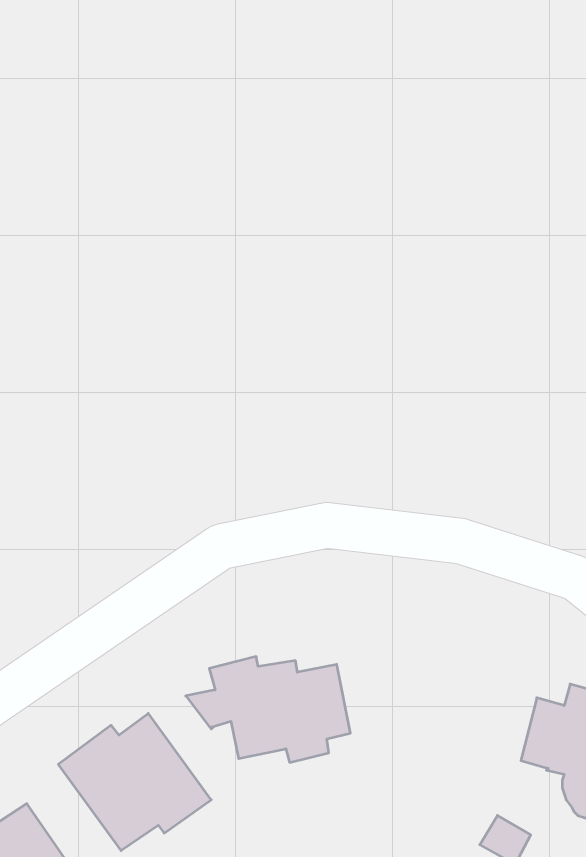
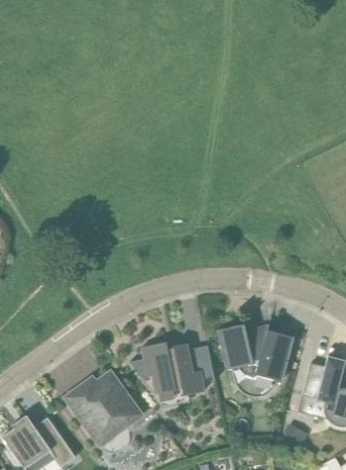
building: none -> [217,324,292,392]

